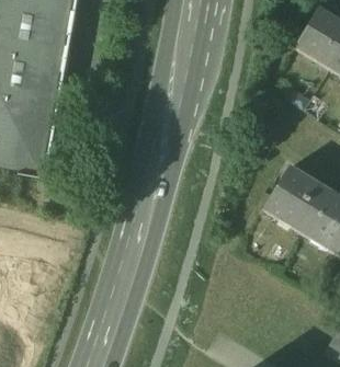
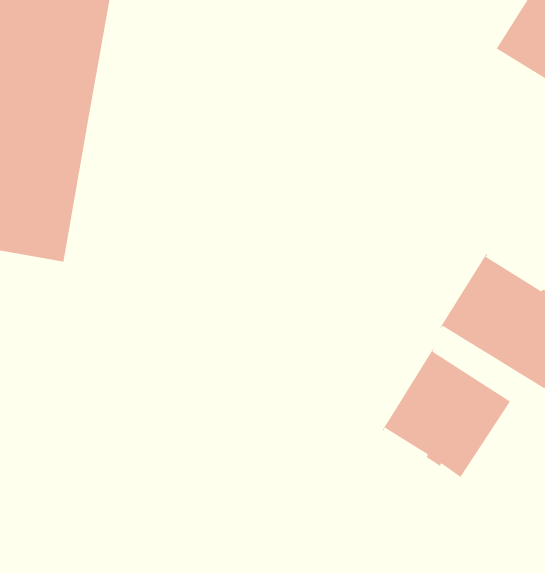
building: none -> [382,347,511,478]

